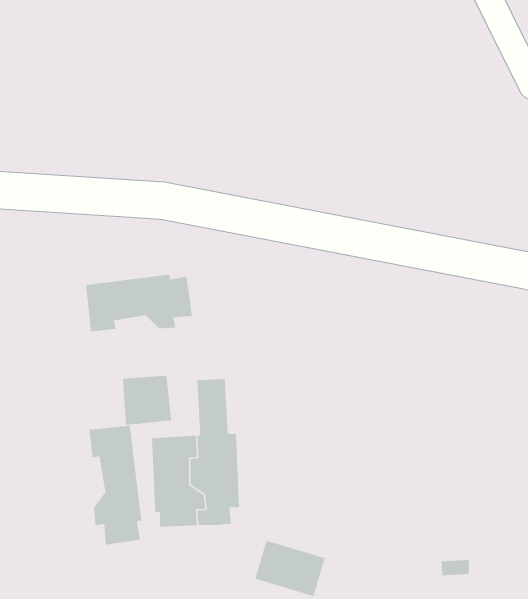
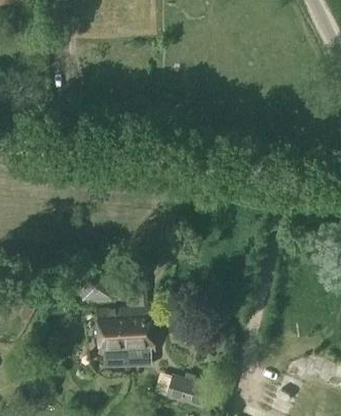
building: [86,274,192,332] -> none
building: [89,425,142,545] -> none

